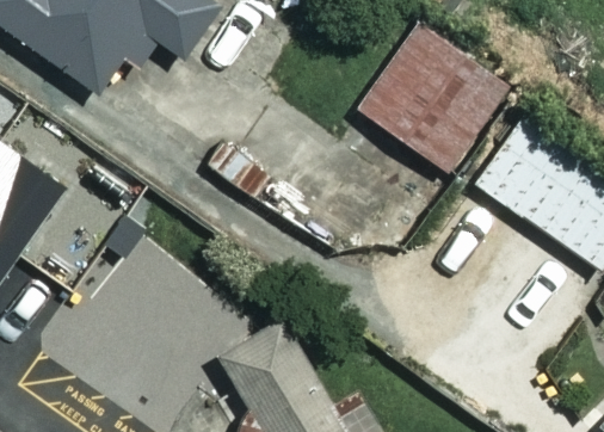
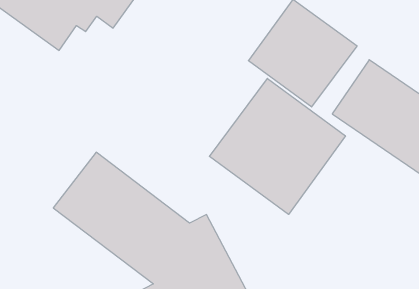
building: none -> [209,78,345,214]

